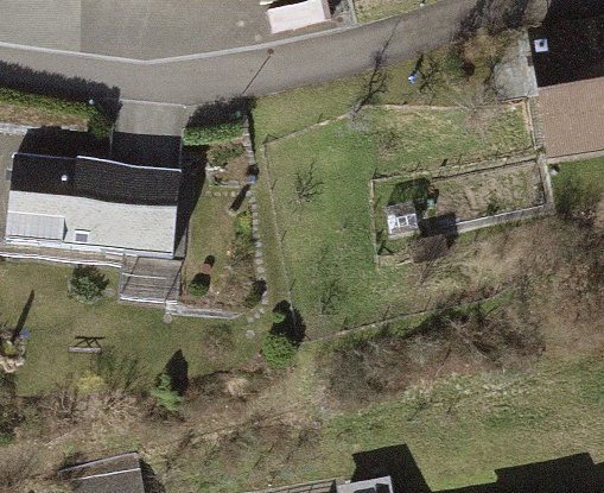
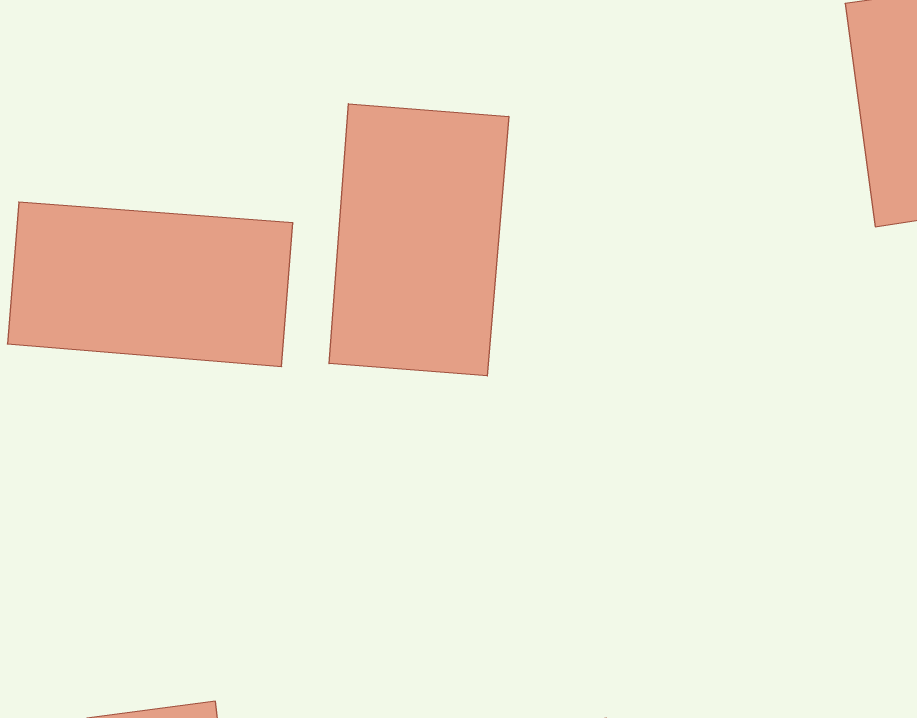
building: none -> [329,104,509,376]

